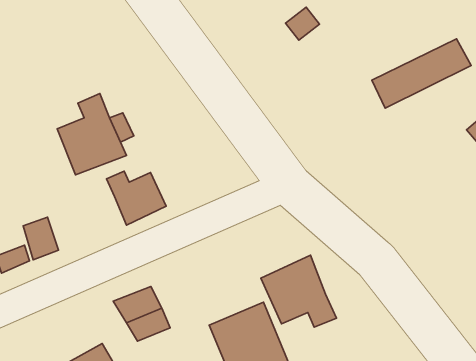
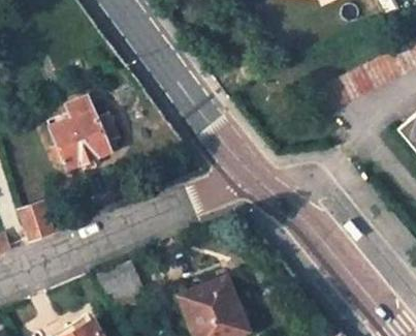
building: [106,171,166,225] -> none
building: [261,255,336,327] -> none

